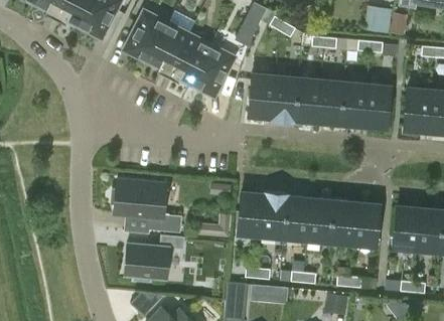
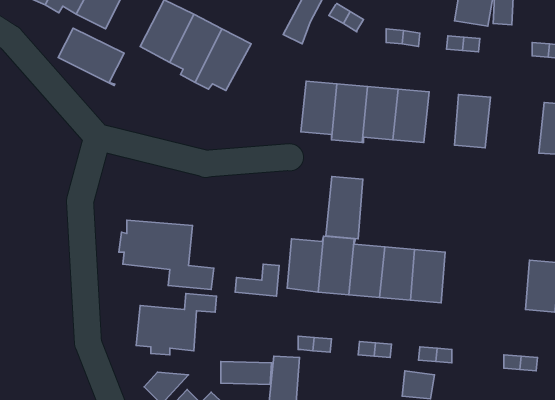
building: none -> [58,28,124,85]
building: [191,47,233,95] -> none
building: [340,84,366,124] -> none
building: [404,90,431,130] -> none
building: none -> [326,176,363,239]
building: [353,204,380,245] -> none
building: [393,207,420,248] -> none
building: [251,284,289,301] -> [221,362,272,384]

